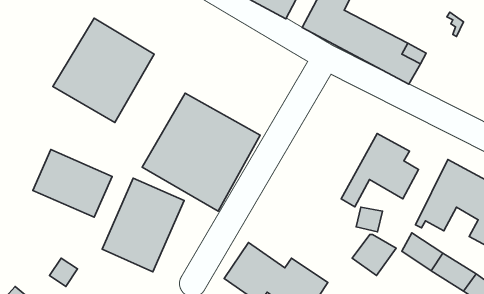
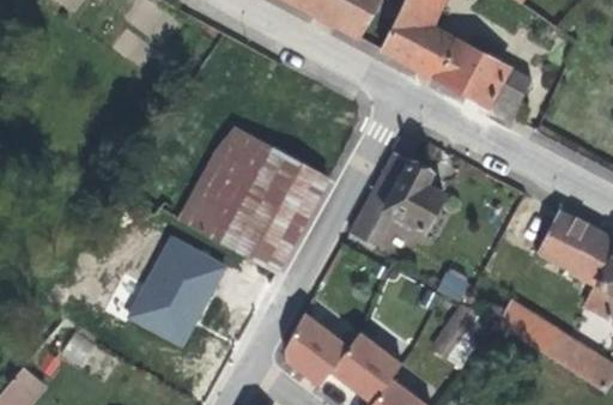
building: [53,18,154,122] -> none
building: [341,133,418,207] -> [348,151,443,241]
building: [33,150,112,217] -> none

